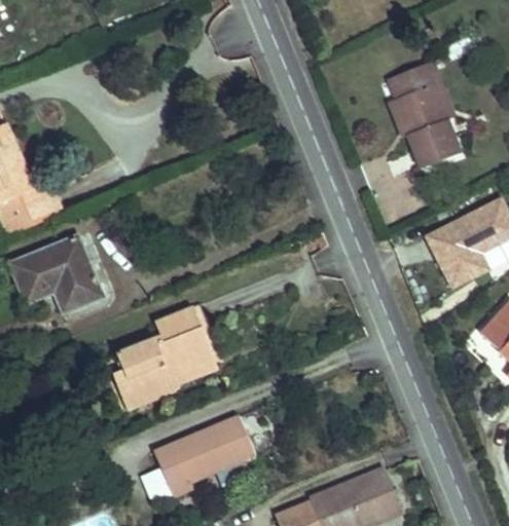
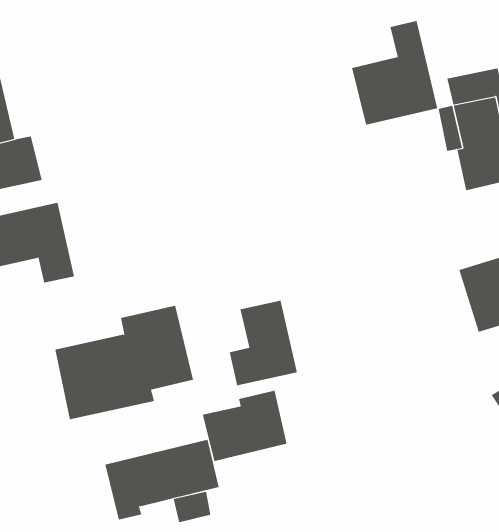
building: none -> [351,20,438,125]
building: none -> [229,300,297,386]
building: none -> [202,390,287,462]

